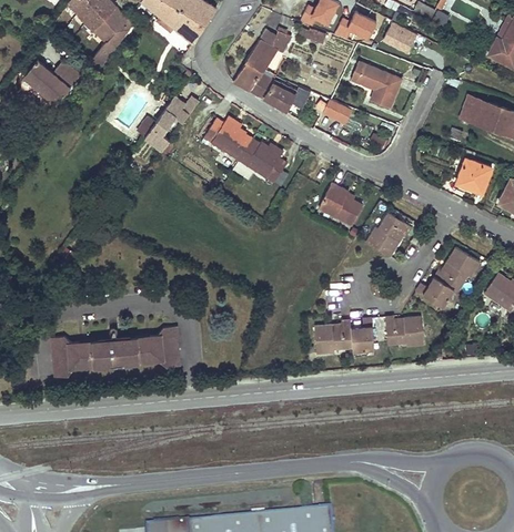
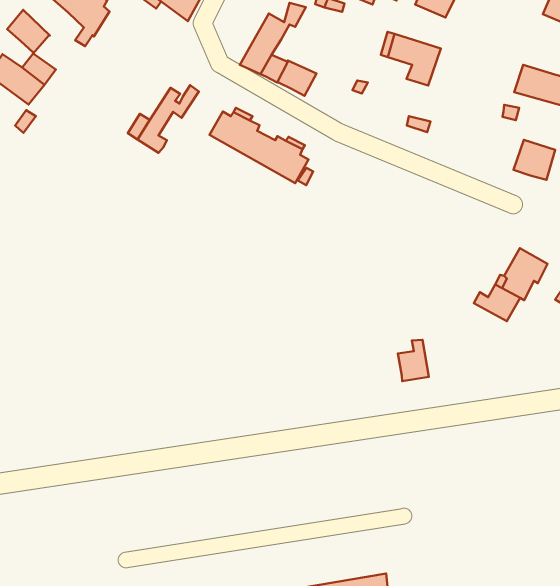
building: none -> [7,10,50,53]
building: [319,184,362,225] -> none
building: [366,214,412,257] -> none
building: [384,317,423,347] -> none
building: [313,320,352,355] -> none
building: [51,327,179,378] -> none

